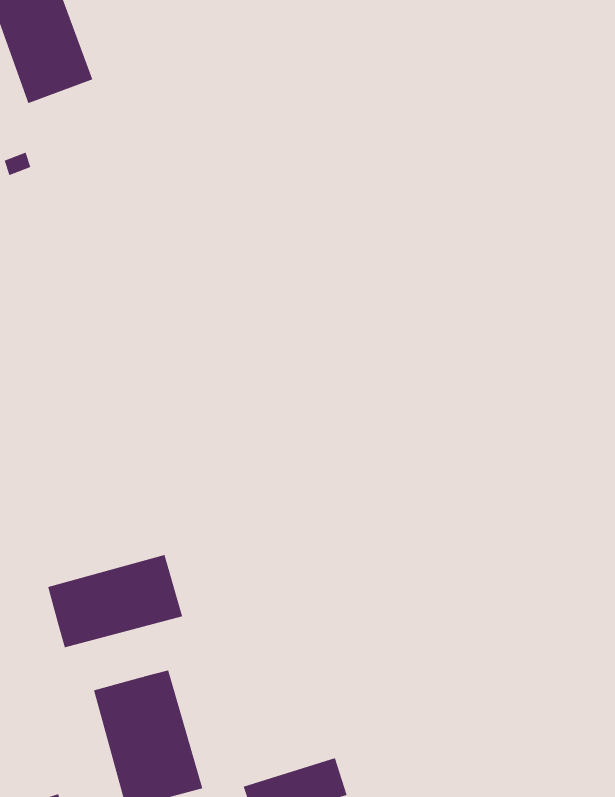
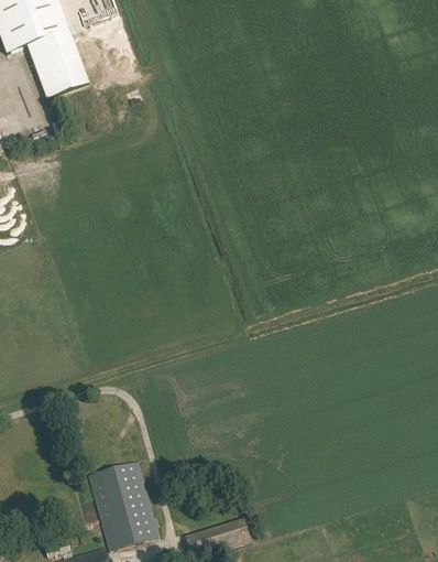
building: [47,554,183,648] -> none

